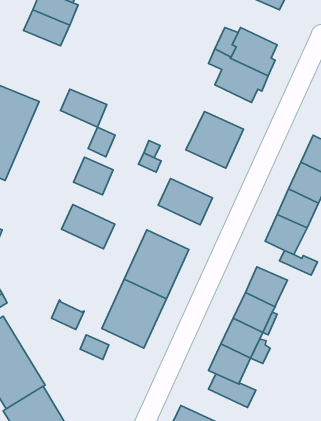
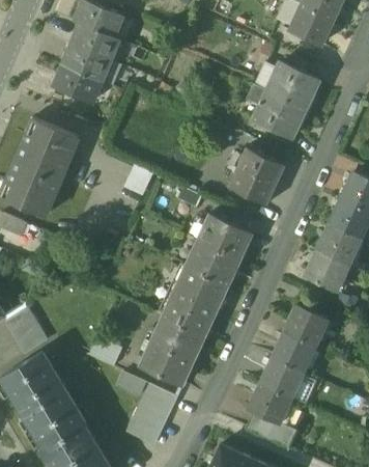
building: [61,89,107,127] -> [53,64,100,103]
building: [74,157,113,195] -> none
building: [61,205,115,249] -> [187,241,240,285]
building: none -> [127,384,178,441]

